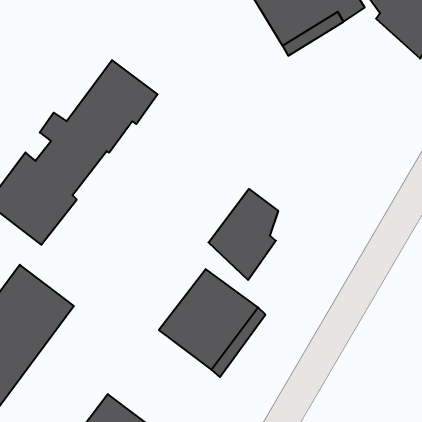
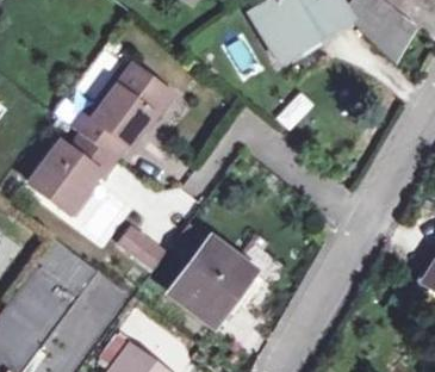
building: [208,189,278,280] -> none
building: none -> [108,222,162,268]

